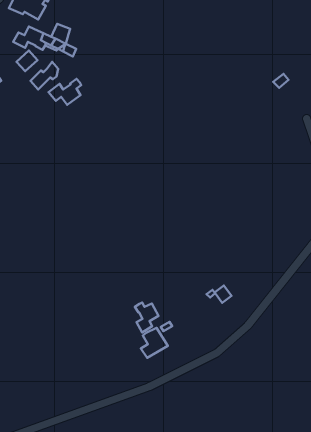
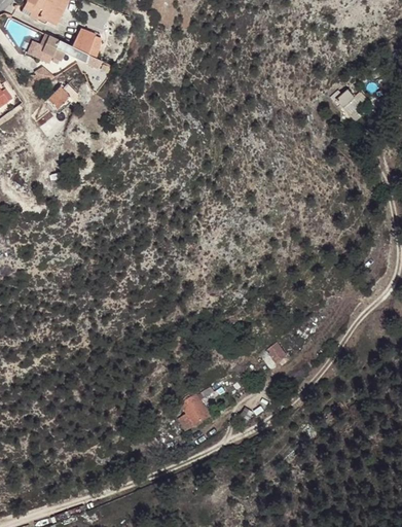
building: [49,79,81,105] -> none
building: [135,303,158,332] -> none

